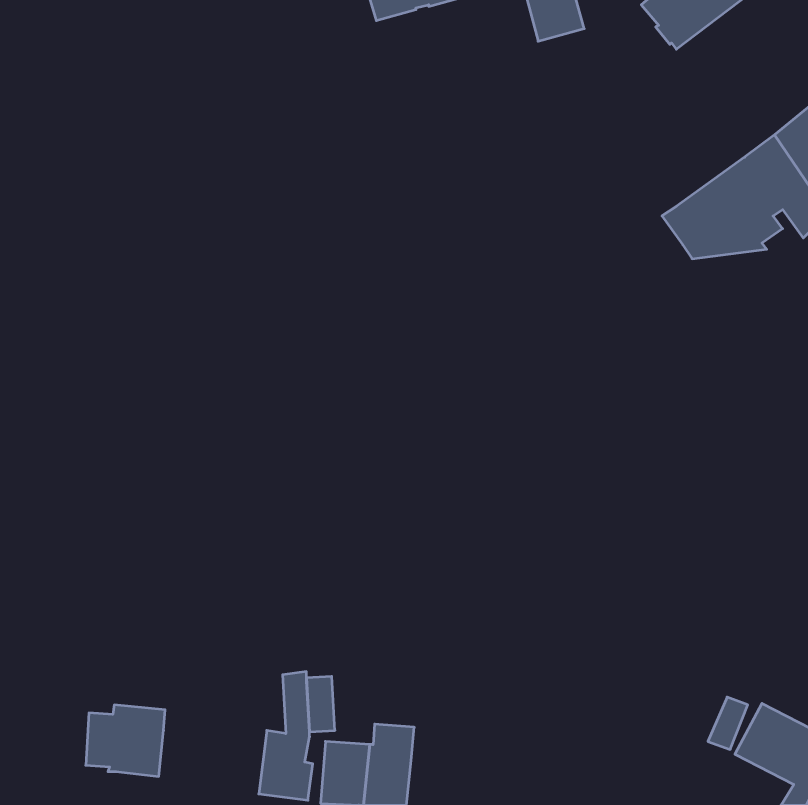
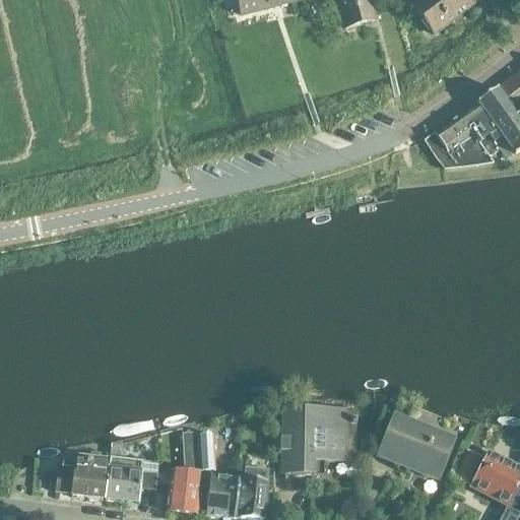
building: none -> [285,406,354,472]
building: none -> [379,415,456,473]
building: none -> [107,441,153,501]

